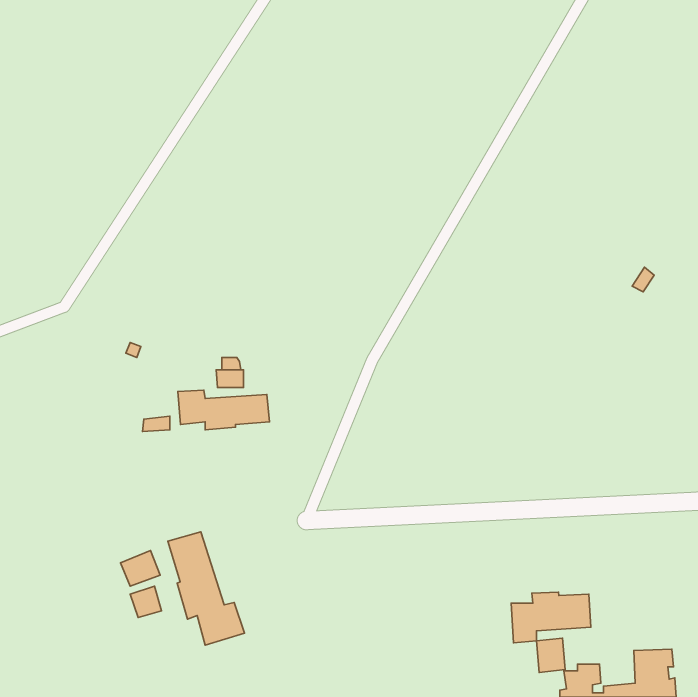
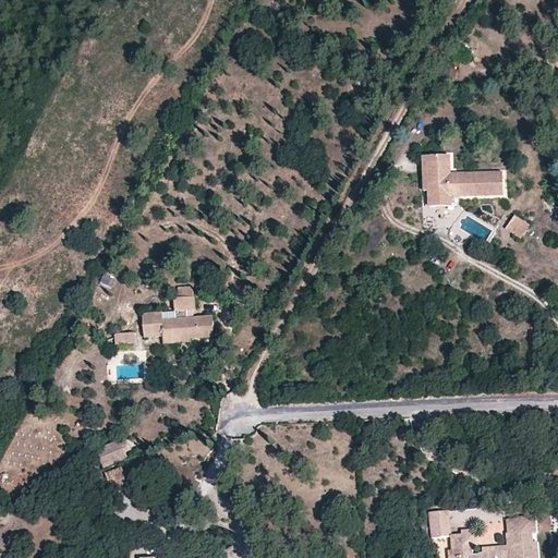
building: none -> [421,155,502,204]
building: [168,532,244,645] -> none
building: [511,592,591,643] -> none

